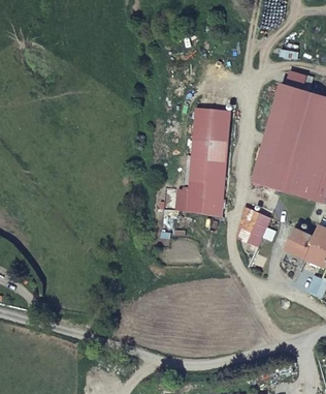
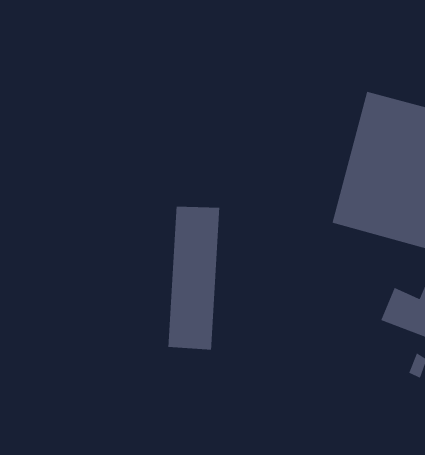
building: [187,110,226,217] -> [167,206,220,350]
building: [249,208,272,248] -> none

